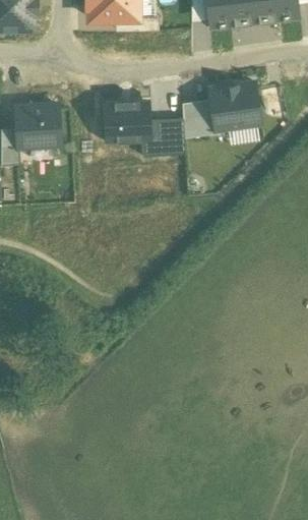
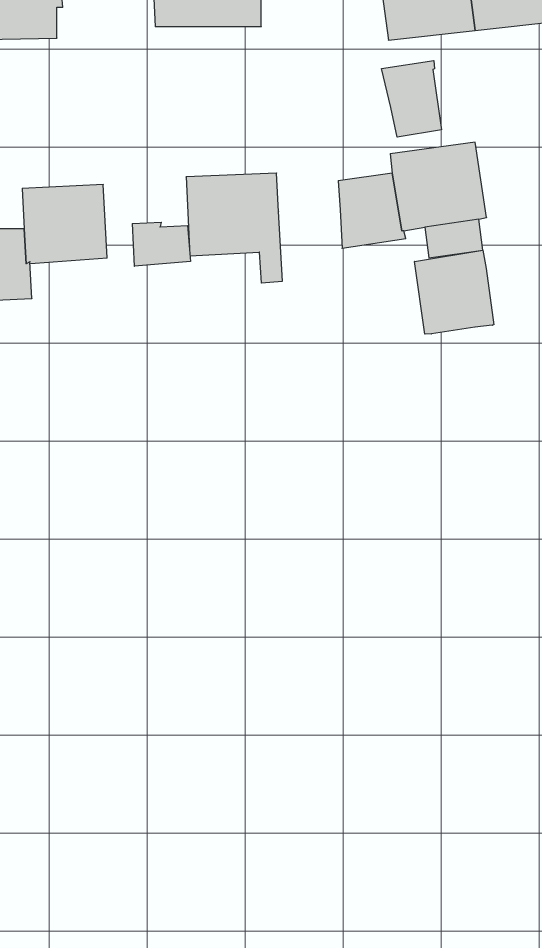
building: none -> [382,61,441,137]
building: [150,118,185,156] -> none
building: none -> [132,222,190,266]
building: none -> [415,250,494,334]

